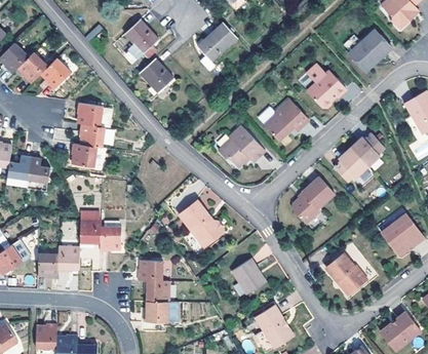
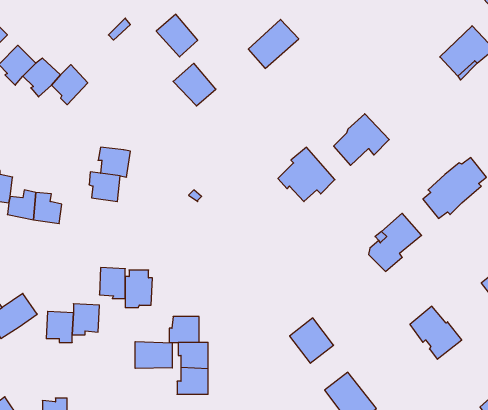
building: [307,67,346,105] -> none
building: [76,103,112,128] -> none
building: [179,198,223,244] -> none
building: none -> [135,342,172,368]

